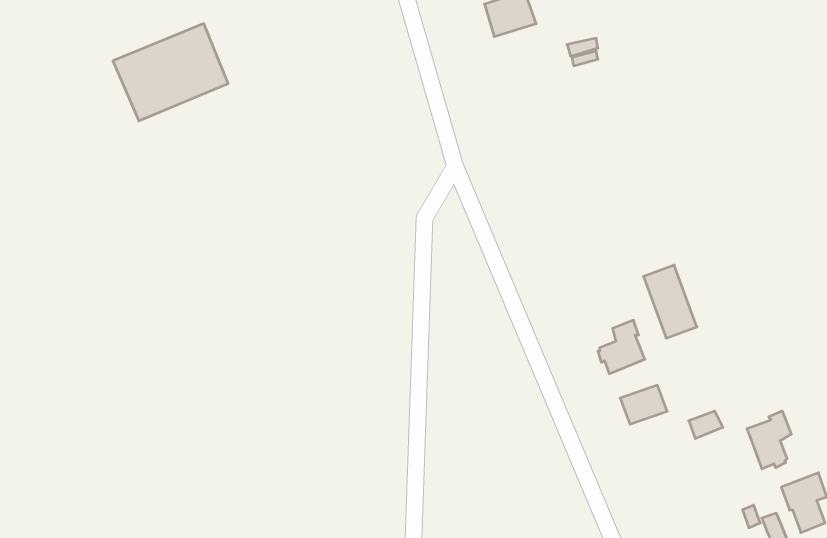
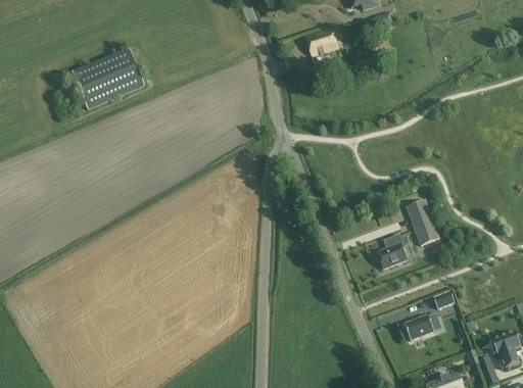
building: [620,385,667,424] -> [405,316,434,340]
building: [747,411,791,469] -> none

